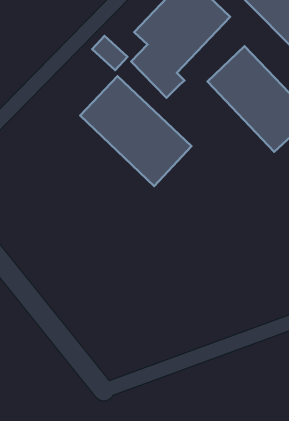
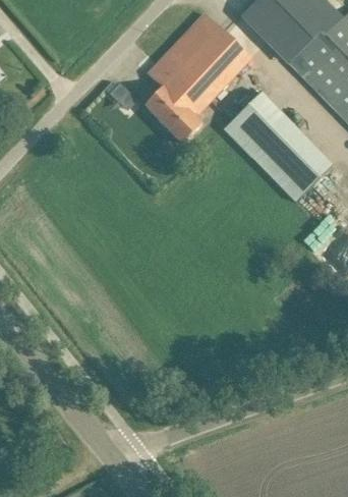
building: [80,76,191,186] -> none

